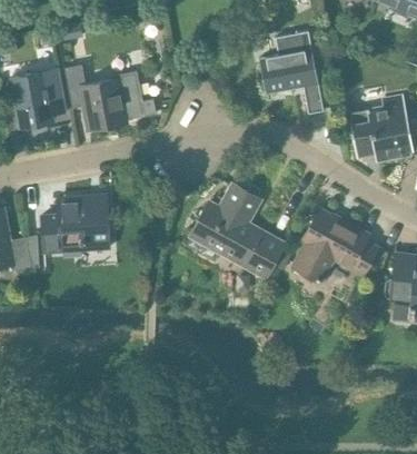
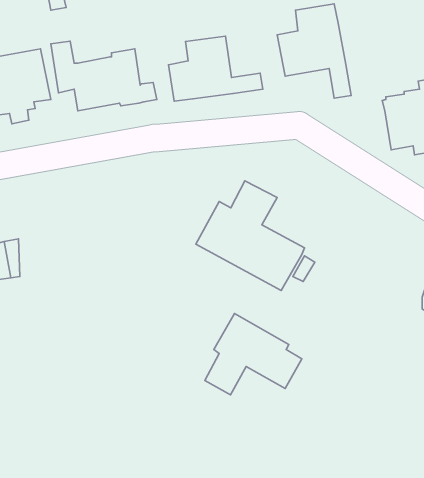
building: none -> [168,36,263,101]
building: [41,195,109,251] -> none
building: [292,209,376,279] -> [205,313,302,395]

